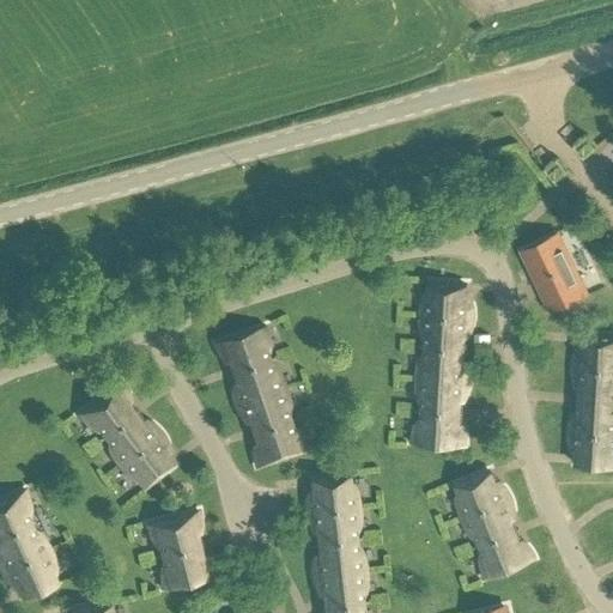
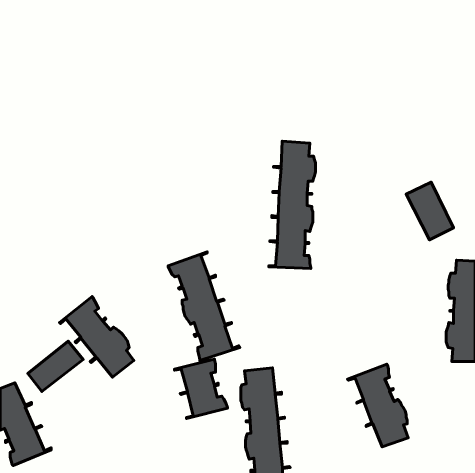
building: [411,285,471,449] -> [269,141,315,269]
building: none -> [28,341,83,392]
building: [145,514,213,590] -> [175,359,228,419]

